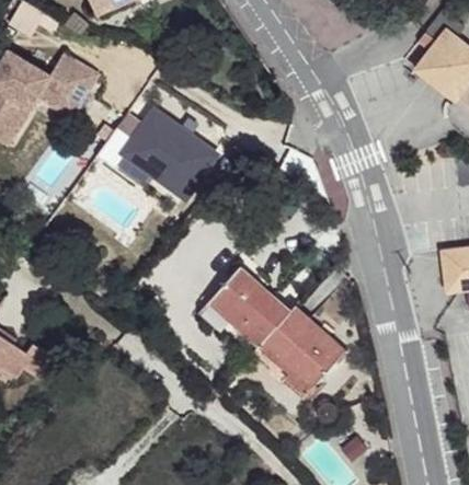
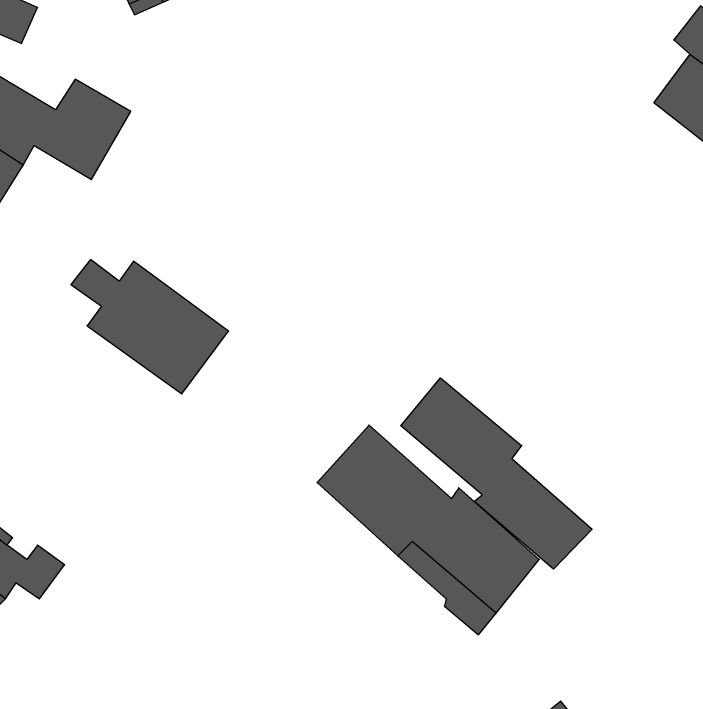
building: [117,113,214,195] -> [71,260,229,394]
building: none -> [401,378,592,569]

